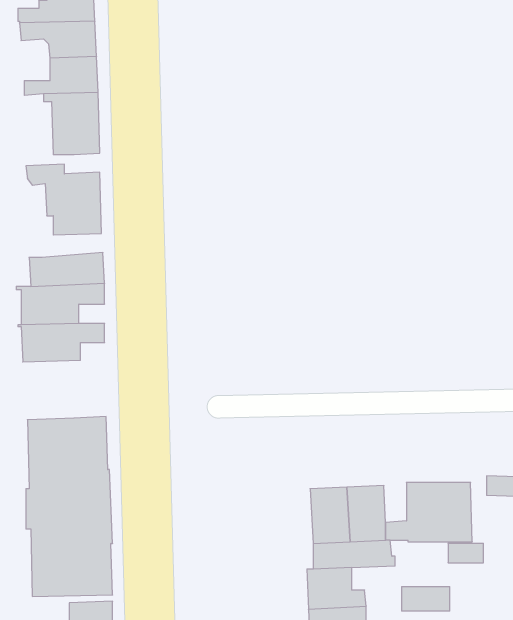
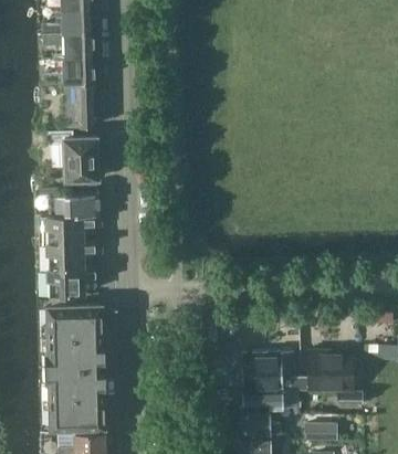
building: none -> [42,266,102,295]

